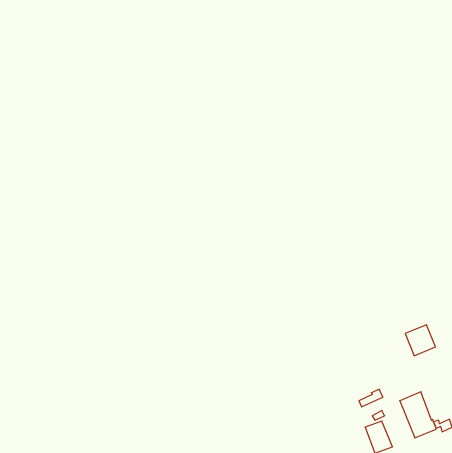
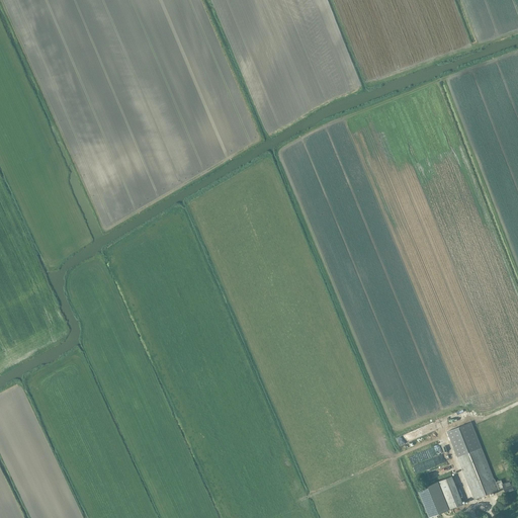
building: [405,325,435,356] -> [446,422,481,457]
building: none -> [438,476,462,509]

